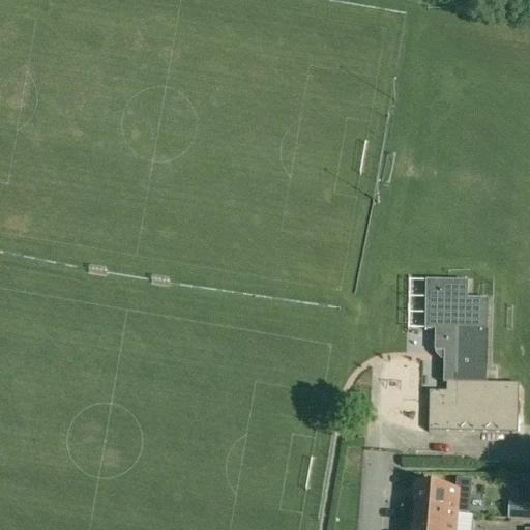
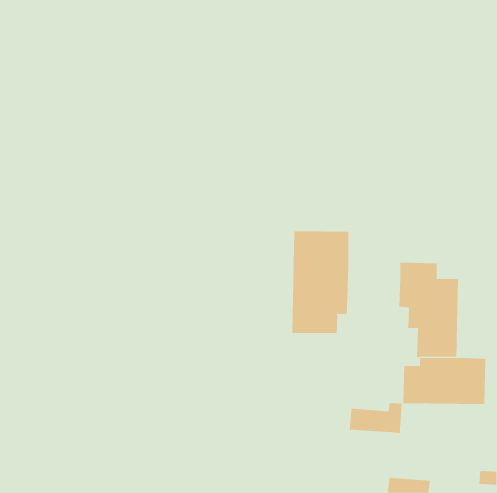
building: none -> [292,230,349,334]
building: [413,478,470,511] -> [349,402,402,434]

